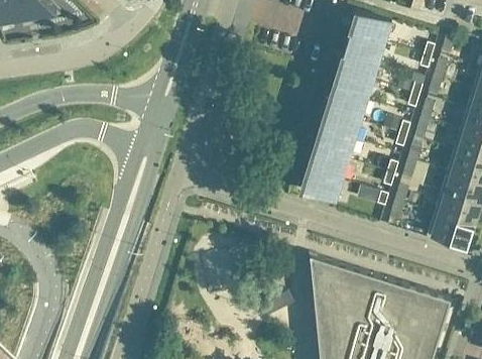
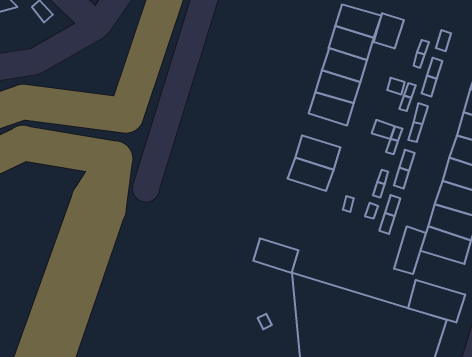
building: none -> [374,13,404,49]
building: [319,111,360,142] -> none
building: [299,170,341,202] -> [253,238,299,273]
building: none -> [394,226,426,274]
building: none -> [408,280,465,323]

